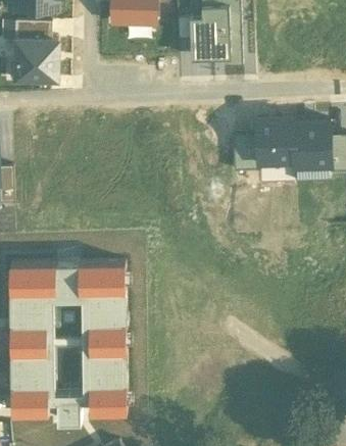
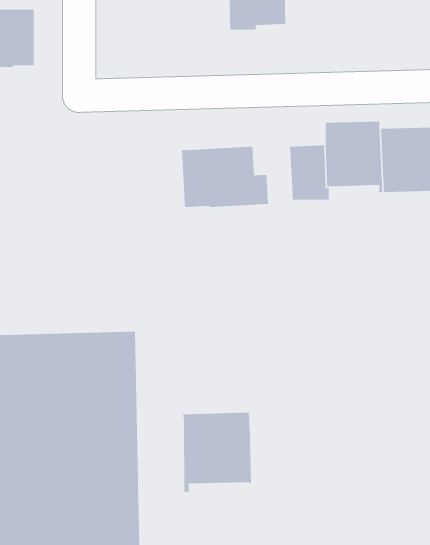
building: none -> [181,146,269,208]
building: none -> [183,412,252,493]

